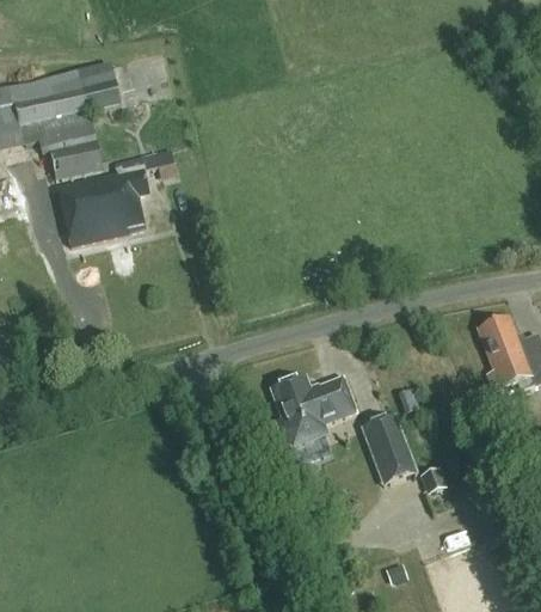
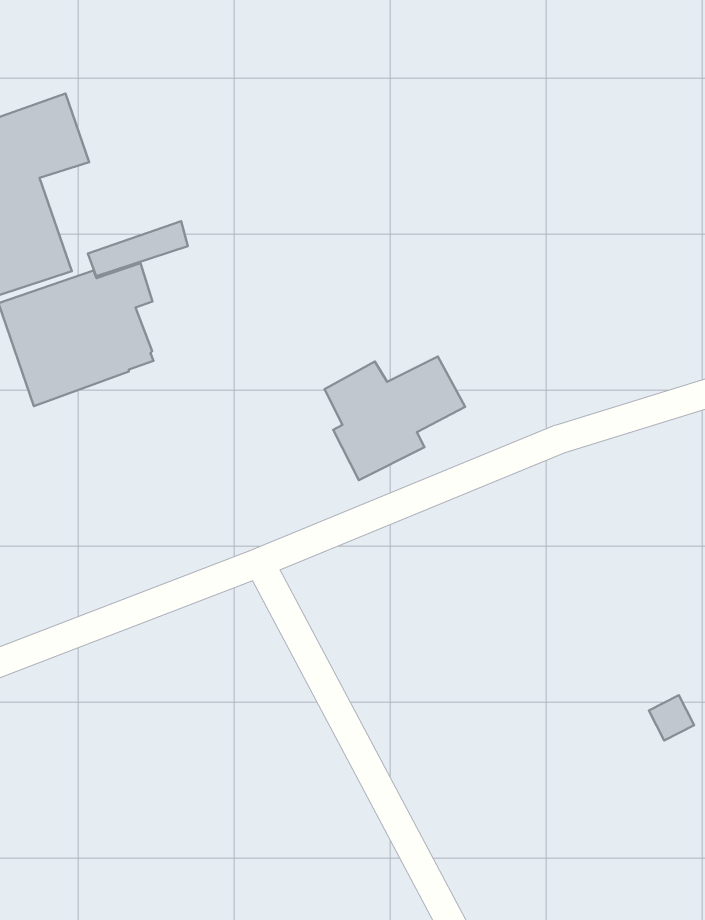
building: [271,378,355,448] -> [325,356,465,480]
building: [359,412,417,484] -> none

